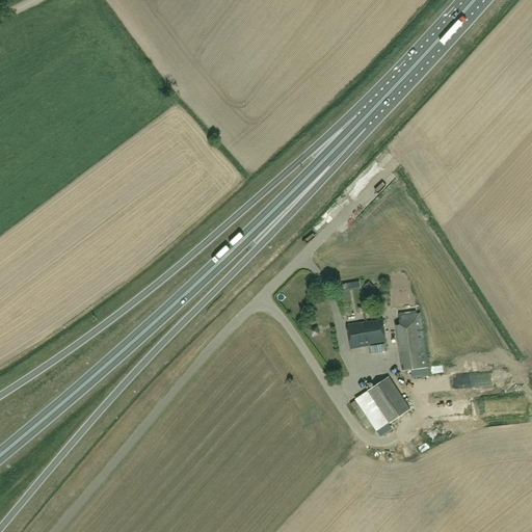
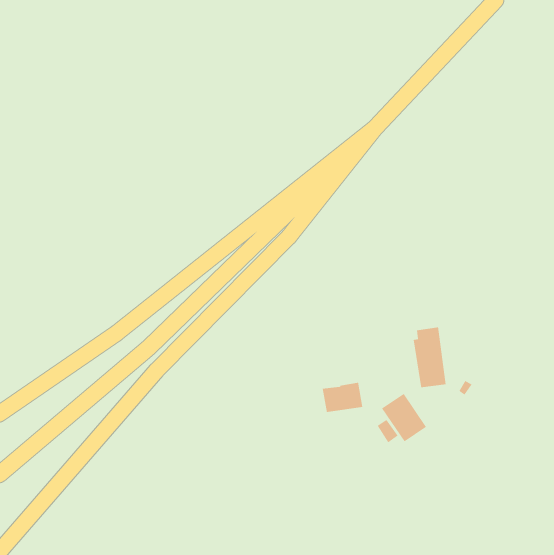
building: [346,319,385,348] -> [322,382,363,413]

